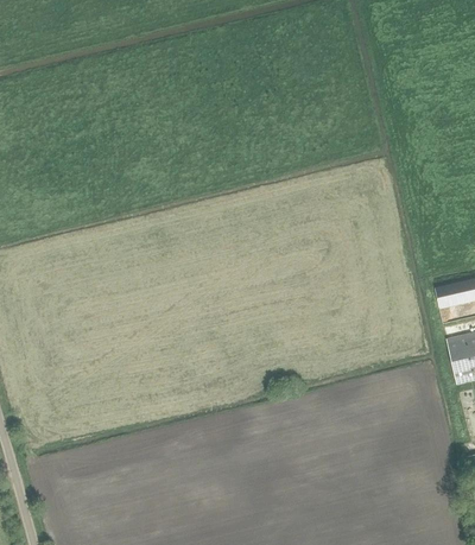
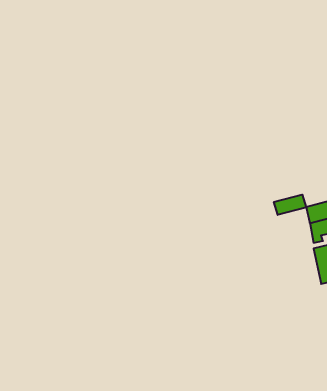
building: none -> [274,195,306,215]

